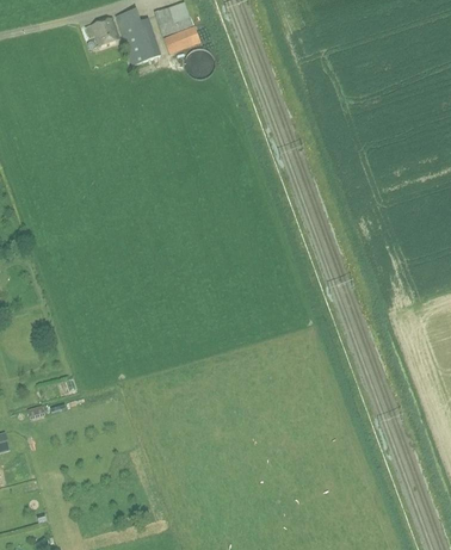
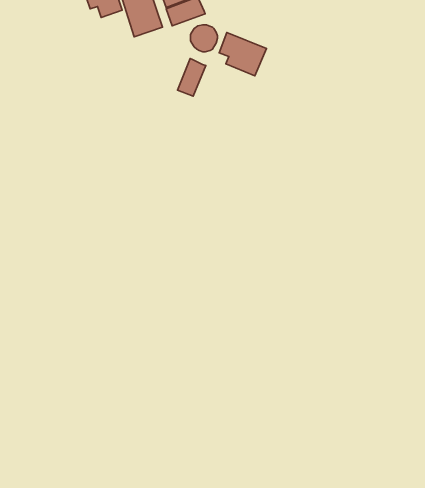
building: none -> [219,33,267,76]
building: none -> [177,58,206,96]

